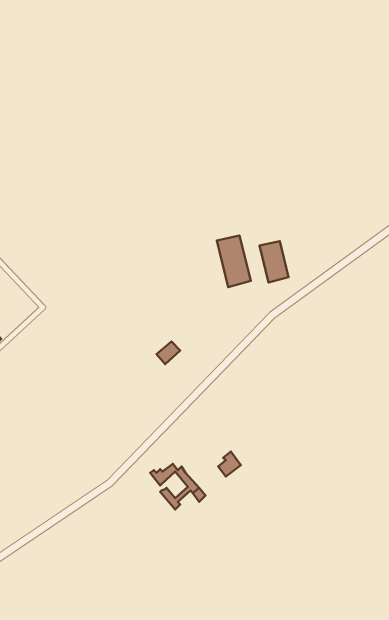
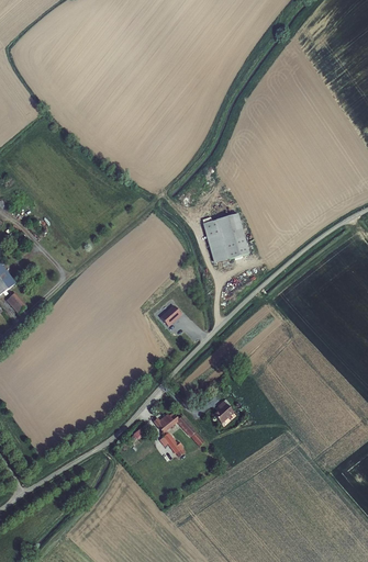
building: [259,241,288,282] -> none

